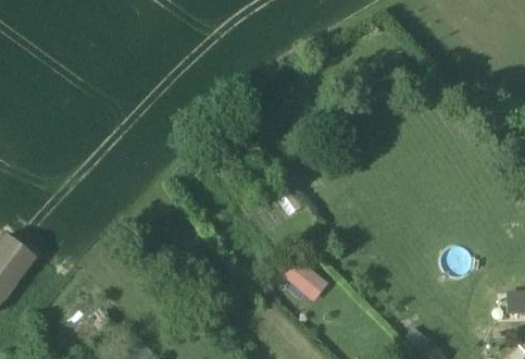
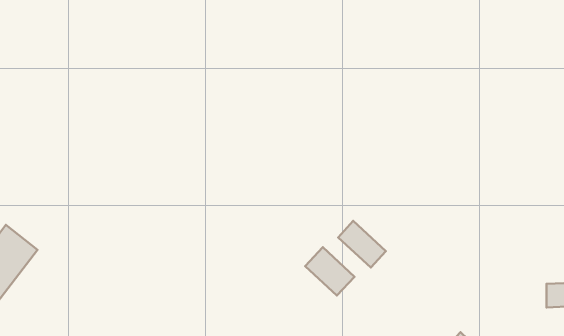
building: none -> [338,221,386,268]

